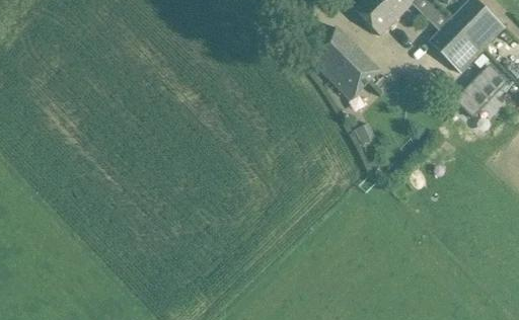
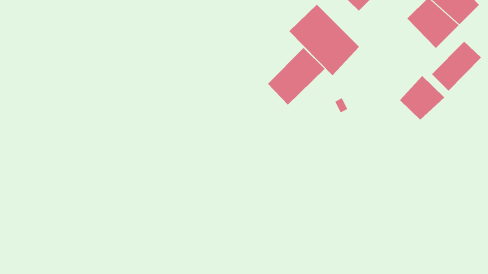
building: none -> [267,47,325,106]
building: none -> [399,75,445,120]

